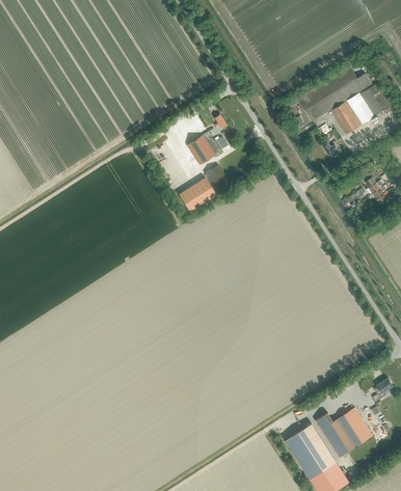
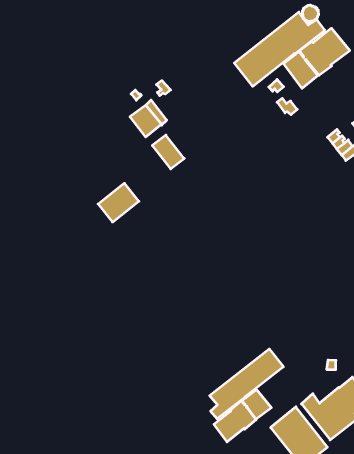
building: [178,179,215,213] -> [98,183,139,222]
building: none -> [210,349,283,442]

